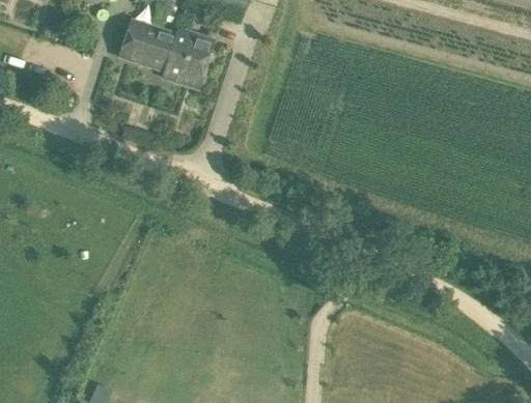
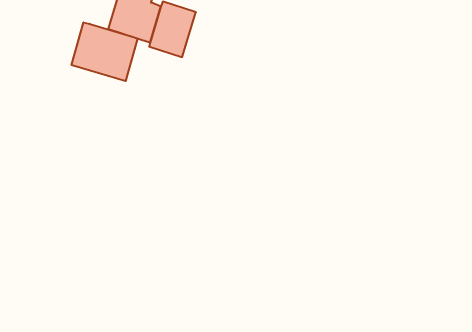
building: none -> [72,22,137,81]

